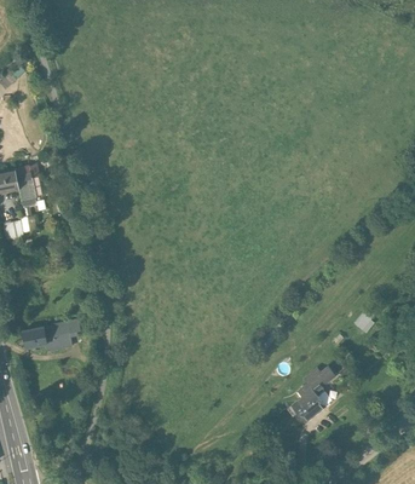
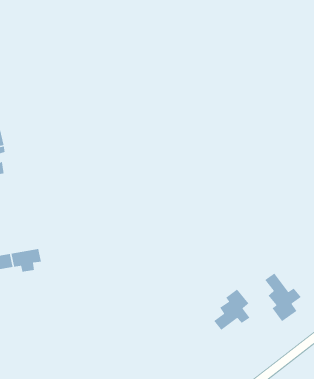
building: none -> [264,273,302,322]

